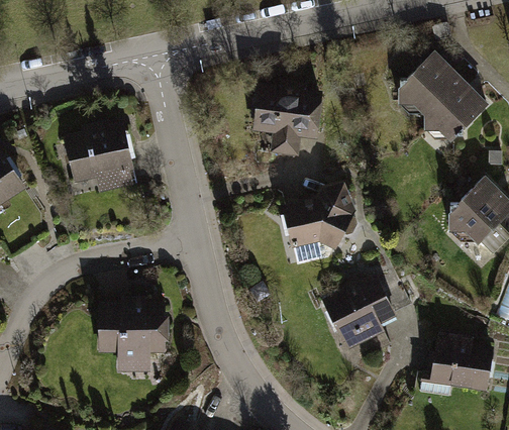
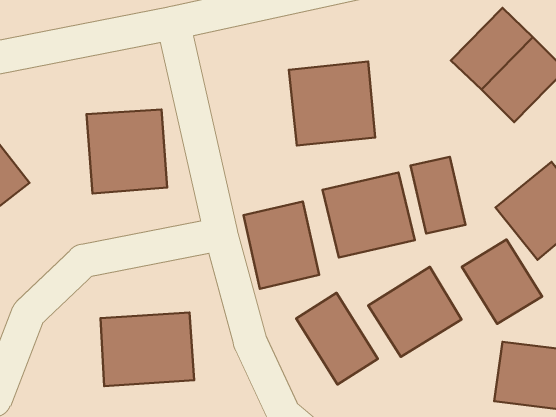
building: none -> [411,157,466,234]
building: none -> [243,201,319,289]
building: none -> [462,239,542,324]
building: none -> [296,293,378,385]

